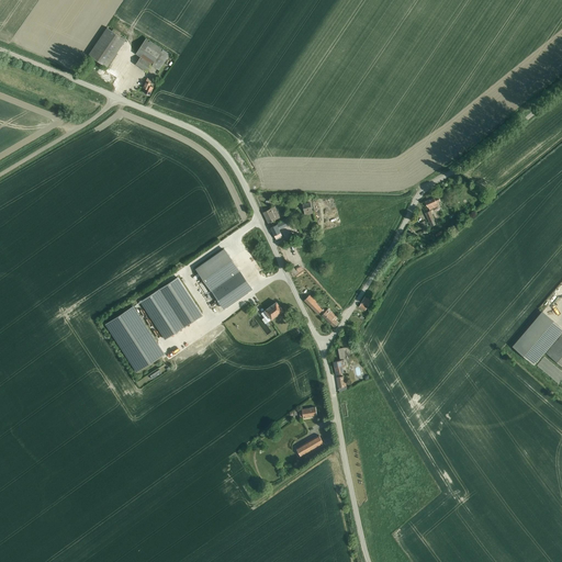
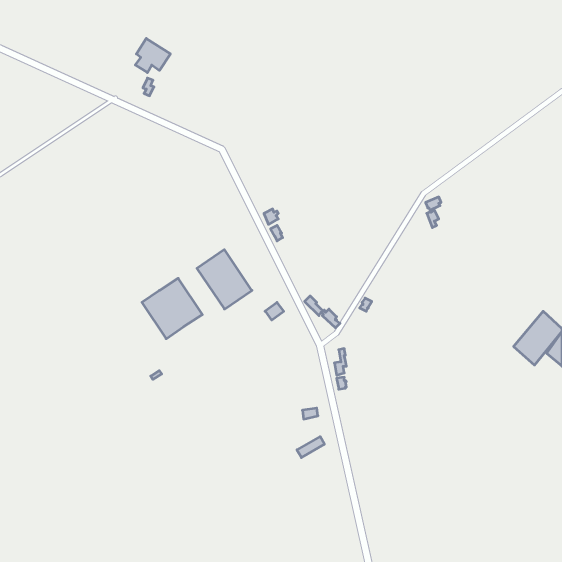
building: [88,27,125,68] -> none
building: [105,306,165,372] -> none

